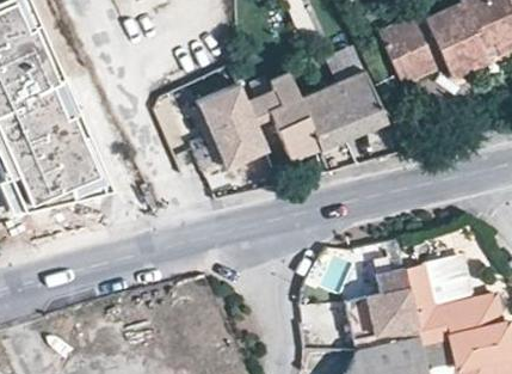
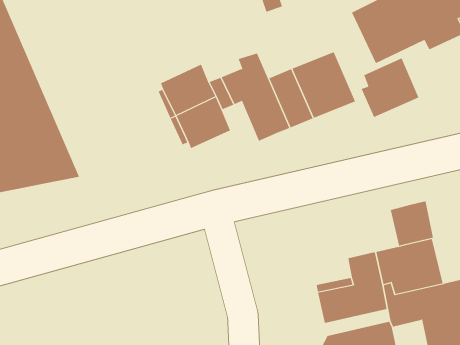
building: none -> [361,58,419,118]
building: none -> [390,200,434,247]

